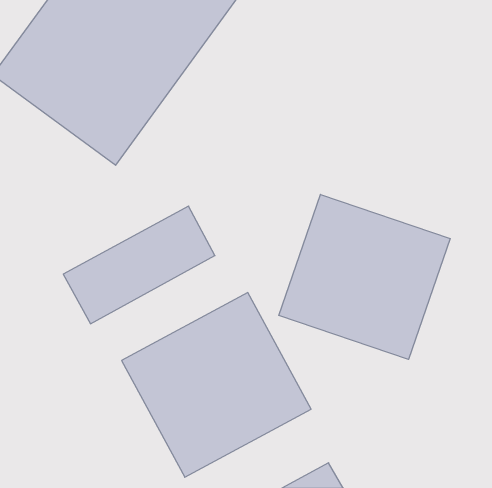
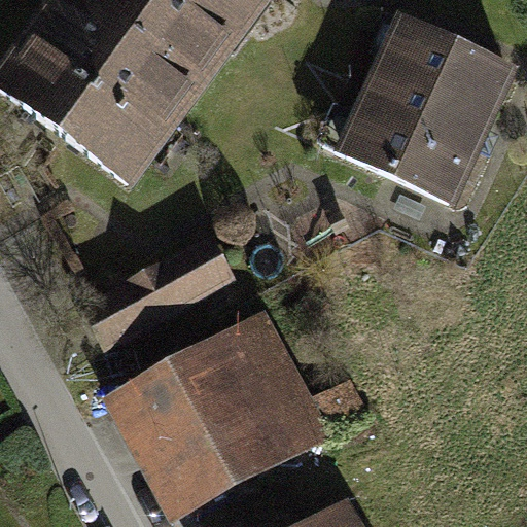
building: none -> [342,37,517,227]
building: [279,194,450,359] -> none

